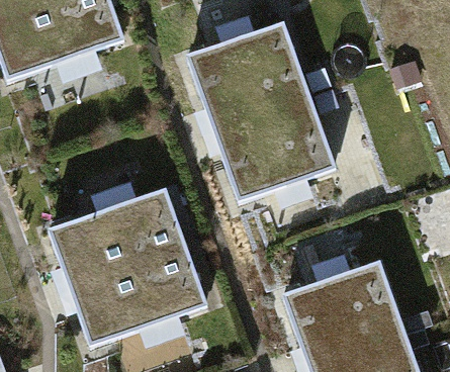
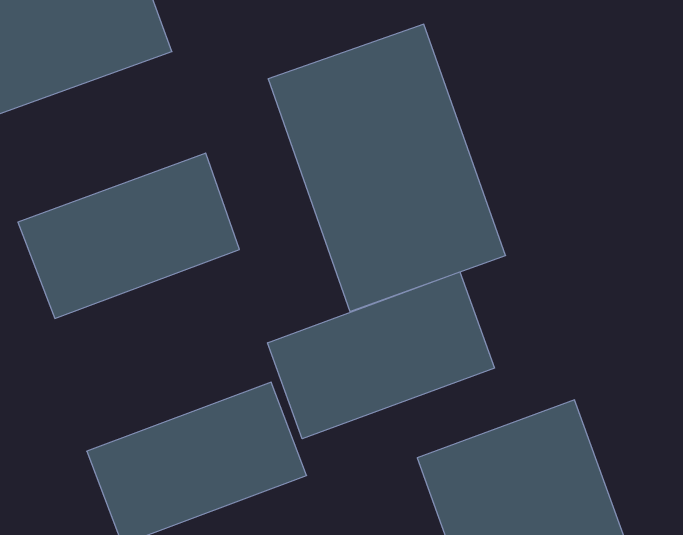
building: none -> [268,272,495,439]
building: [48,185,187,289] -> [18,153,239,318]

